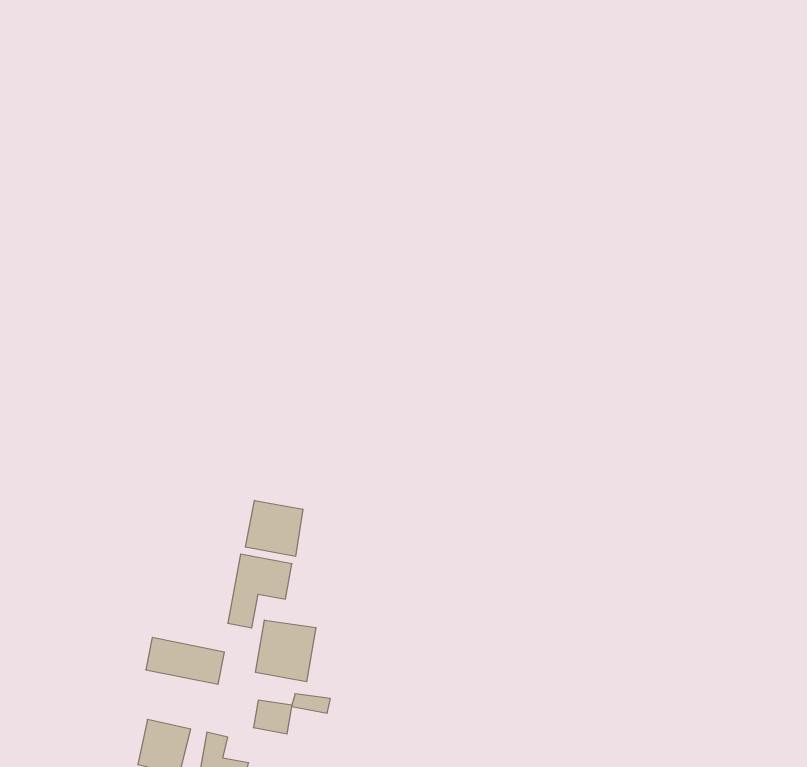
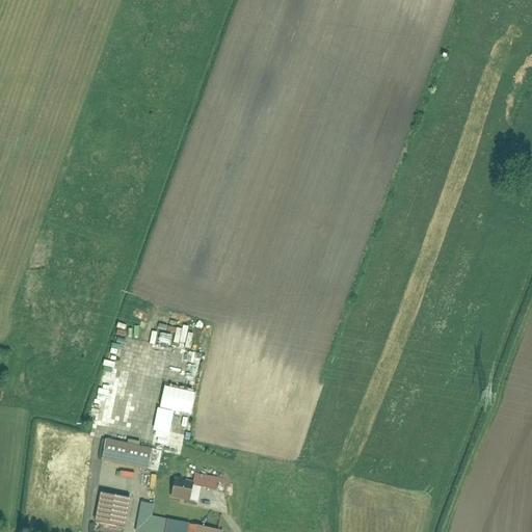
building: [246,500,303,556] -> none
building: [256,620,316,682] -> none

